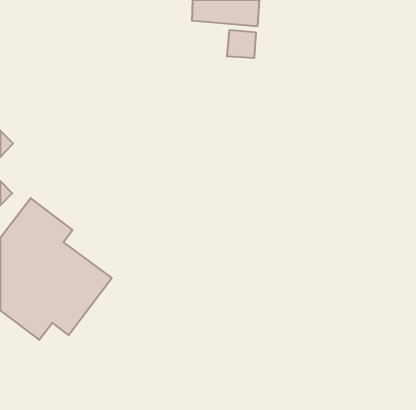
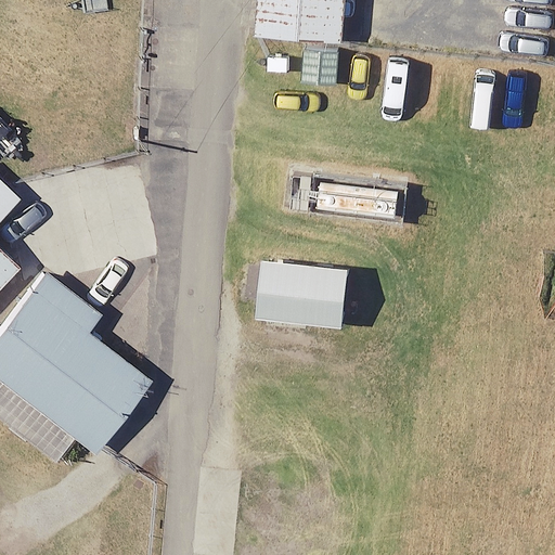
building: none -> [257,258,351,328]

